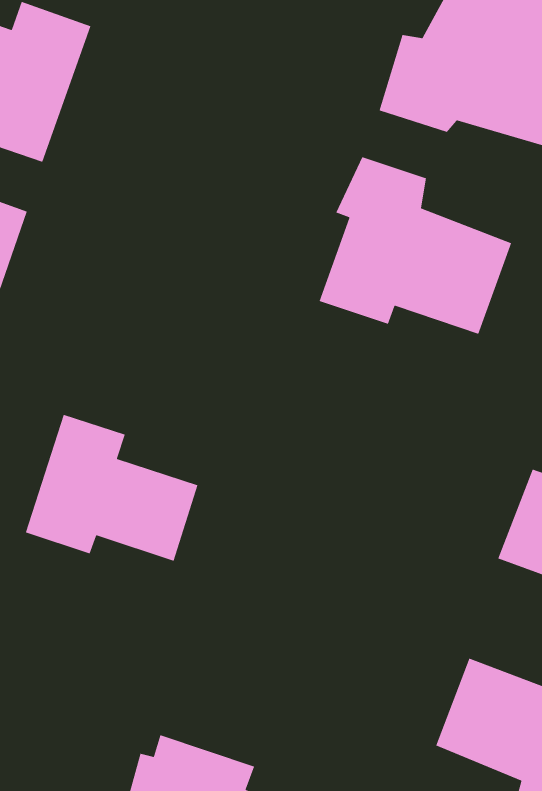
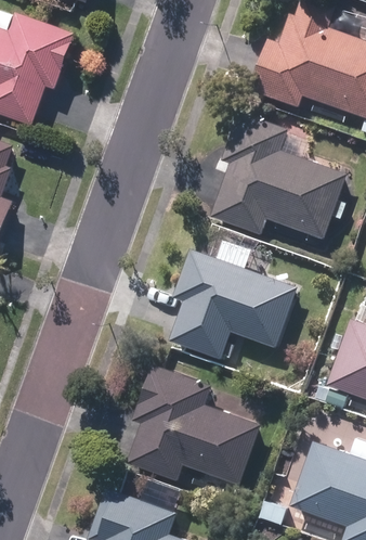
building: none -> [173,250,298,355]
building: [25,414,198,562] -> none
building: none -> [128,373,258,485]

